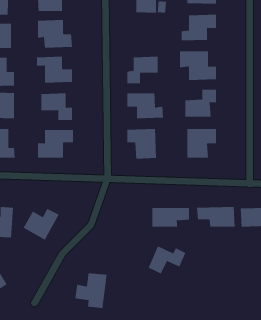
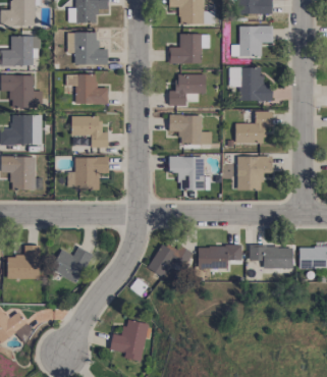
building: none -> [169,34,202,63]
building: [148,246,186,274] -> [149,244,193,276]

